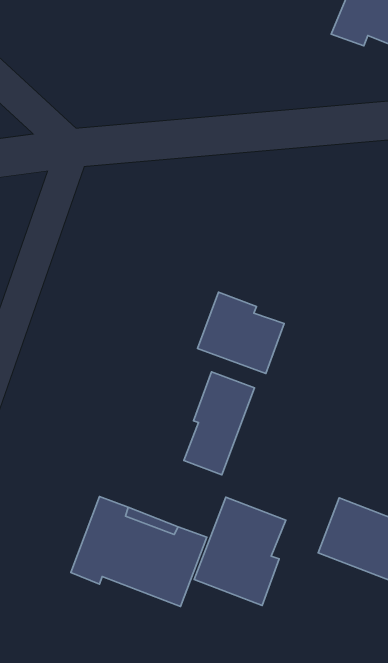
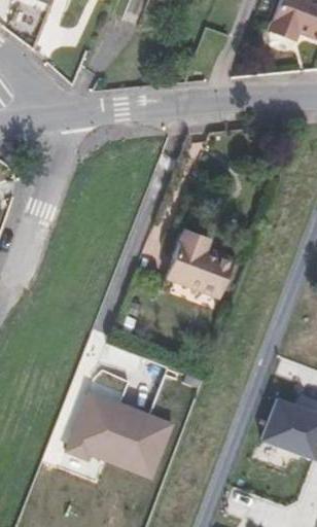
building: [184,372,254,475] -> none
building: [194,497,286,605] -> none

